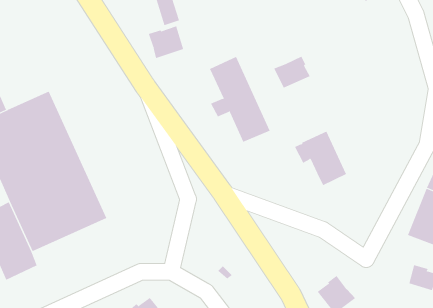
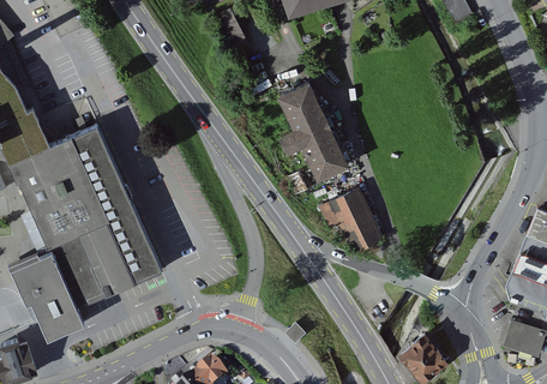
building: [148,25,184,59] -> none
building: [273,56,310,88] -> none
building: [294,131,347,186] -> [320,188,380,251]

